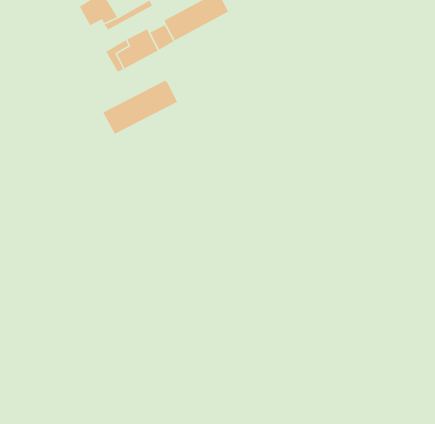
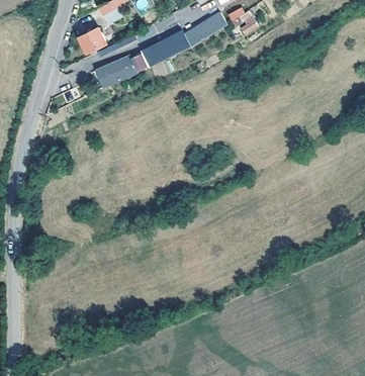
building: [102,79,178,135] -> none

